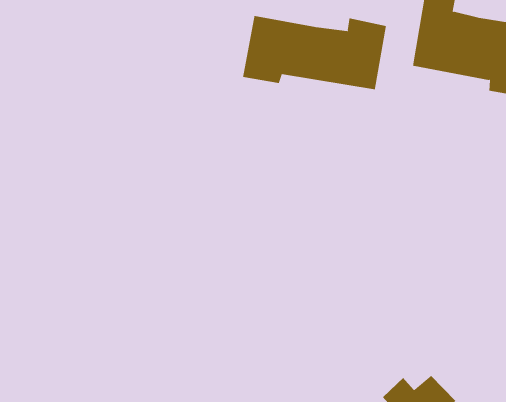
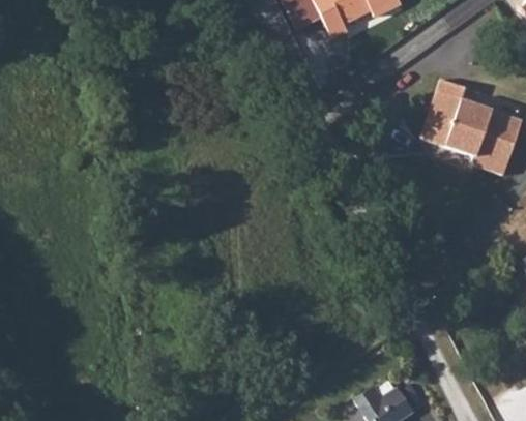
building: [243,15,387,90] -> none

